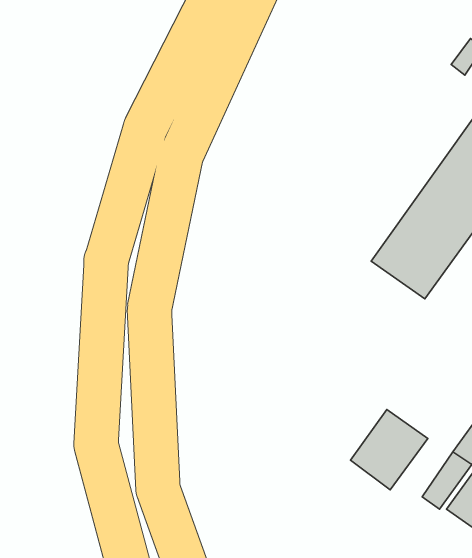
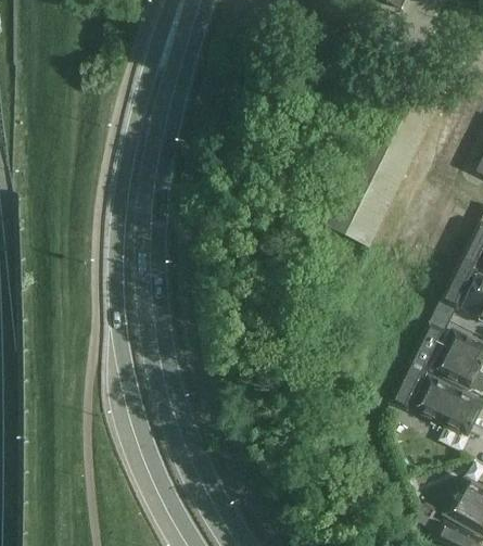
building: [350,409,428,490] -> none

